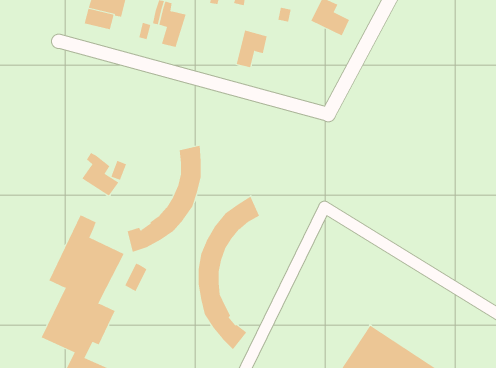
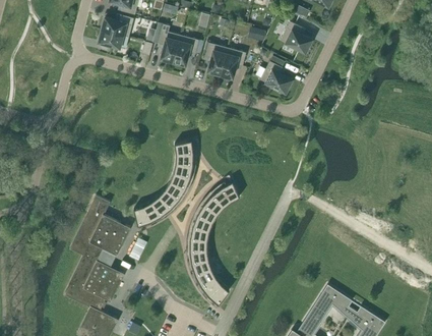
building: none -> [172,35,198,65]
building: none -> [204,42,227,74]
building: none -> [259,60,291,92]
building: [81,152,119,197] -> none

